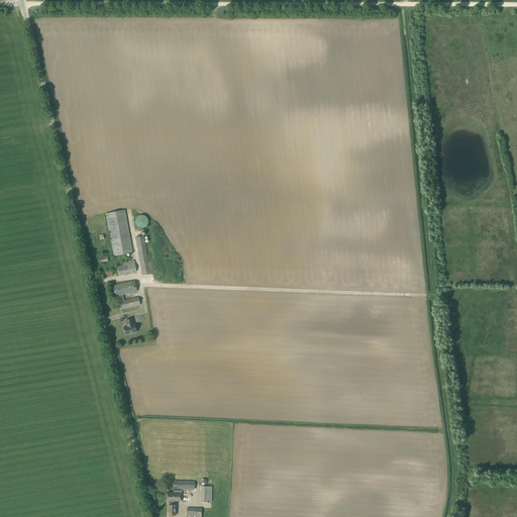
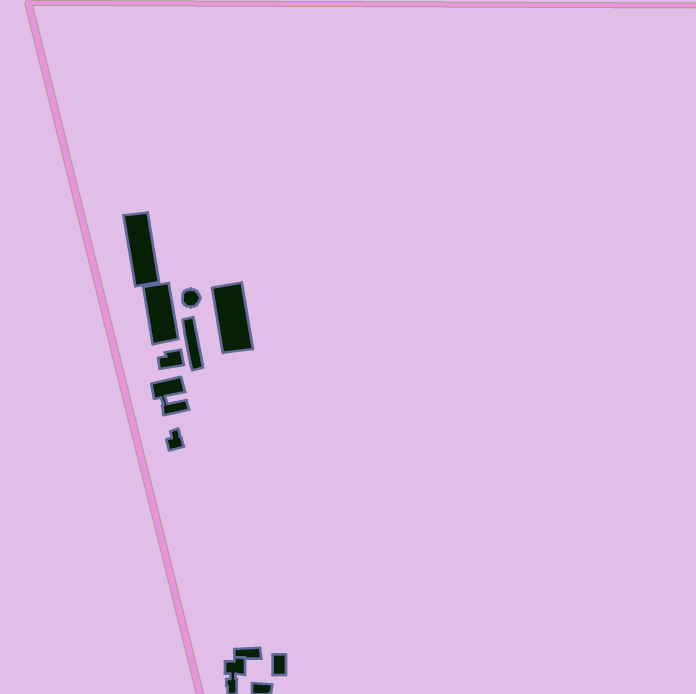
building: none -> [123,212,159,286]
building: none -> [212,282,253,353]

